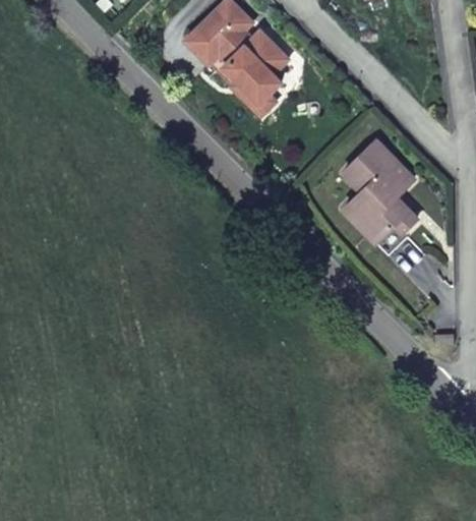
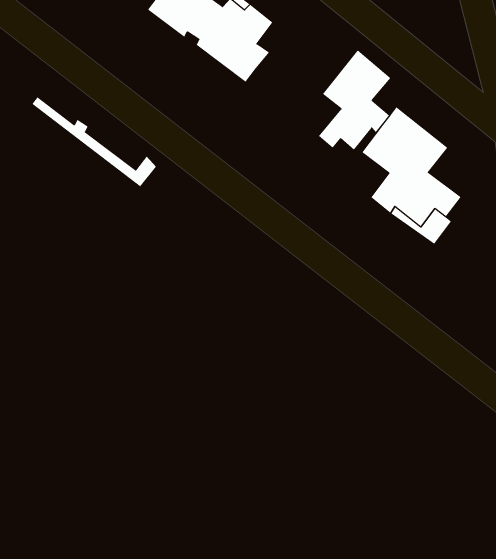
building: [184,34,277,117] -> [32,97,157,187]
building: none -> [318,50,391,150]

